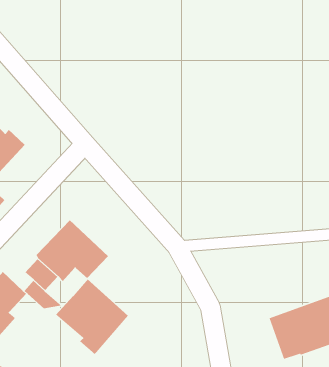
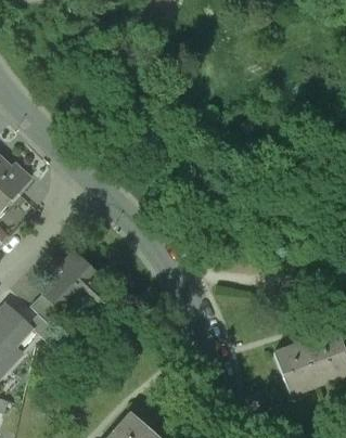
building: [55,279,129,355] -> none

